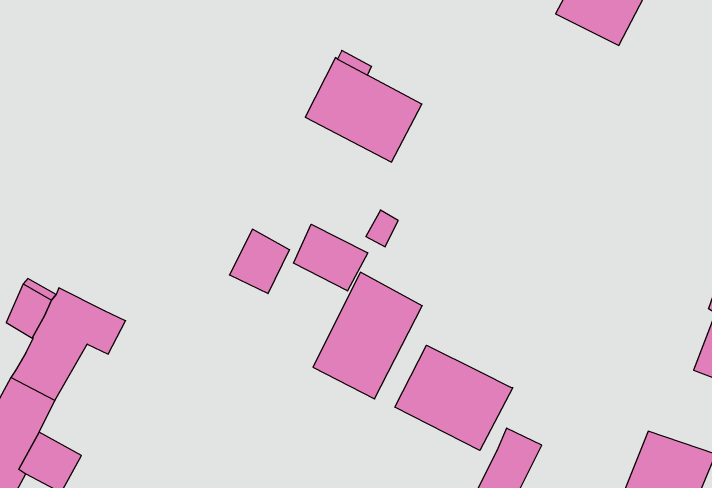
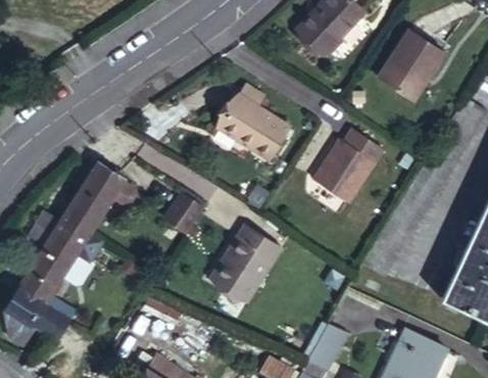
building: none -> [314,129,384,202]
building: none -> [61,163,135,234]
building: [294,224,368,291] -> none
building: [395,345,513,450] -> none

